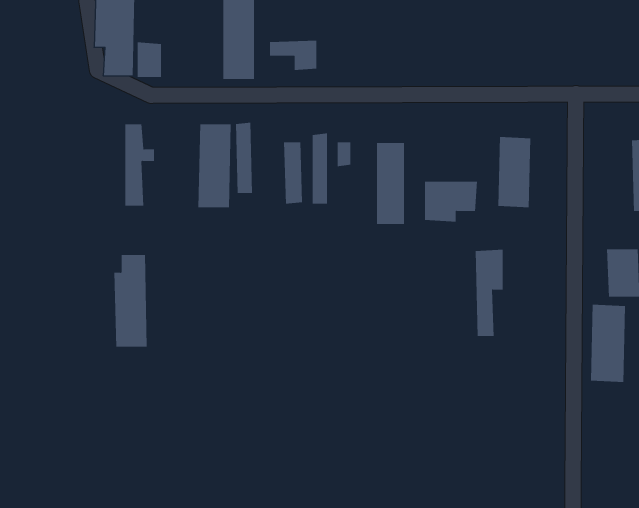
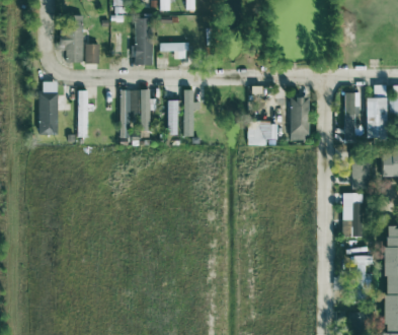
building: [376,142,405,225] -> none
building: [475,249,504,337] -> [345,91,362,141]
building: [114,254,148,347] -> [39,81,59,134]

